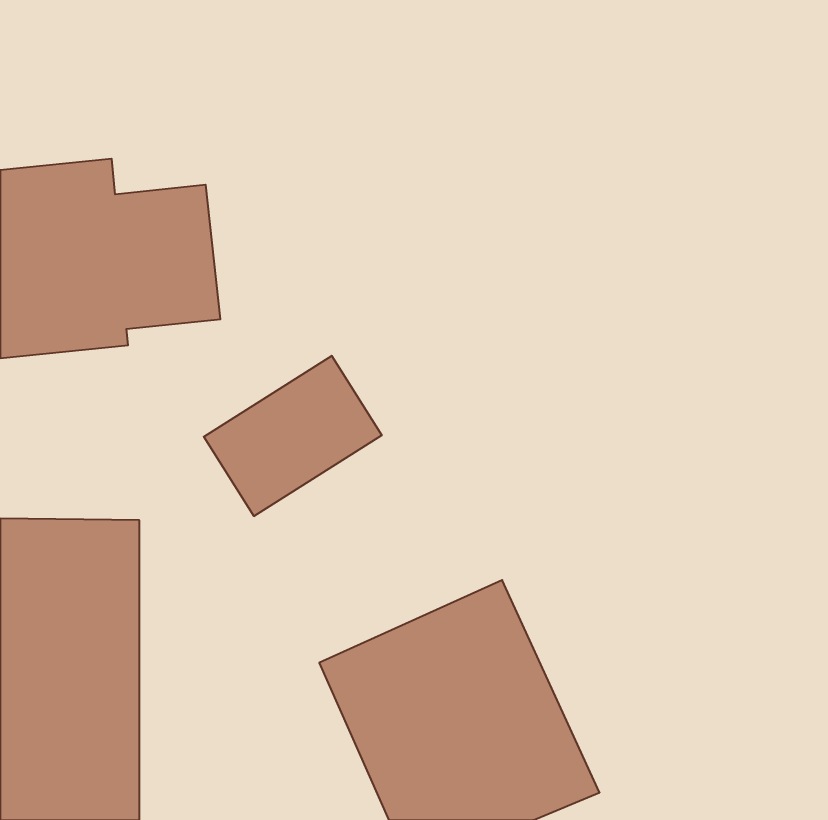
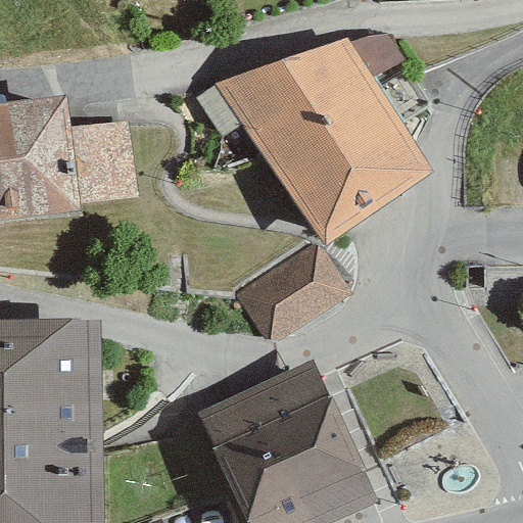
building: none -> [225,50,423,230]
building: [204,356,382,516] -> [240,237,352,338]

